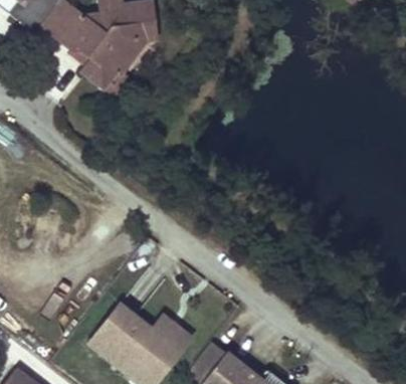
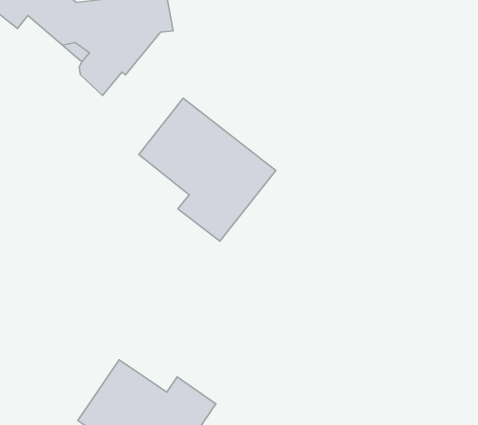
building: none -> [139,98,276,241]

